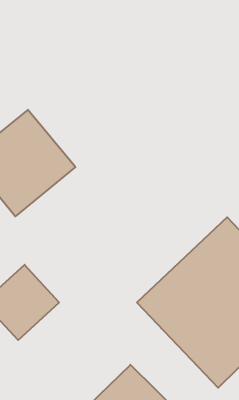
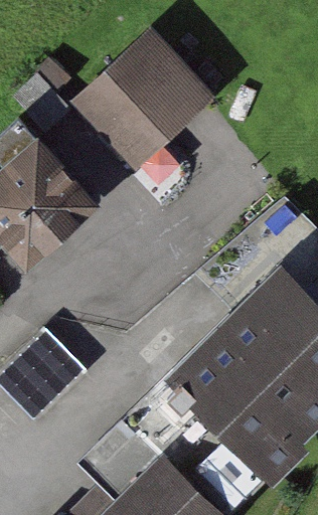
building: none -> [70,31,208,166]

